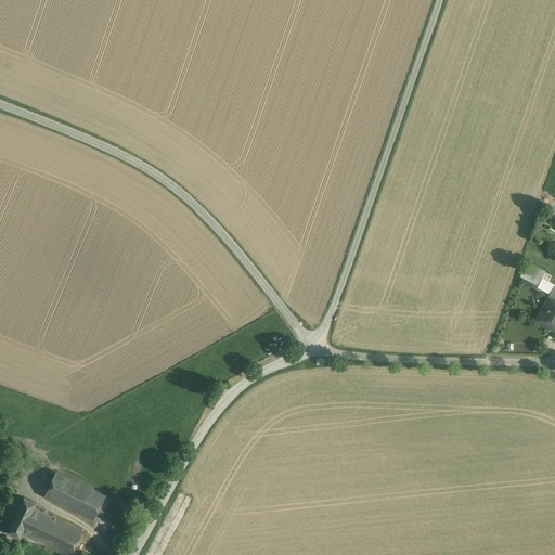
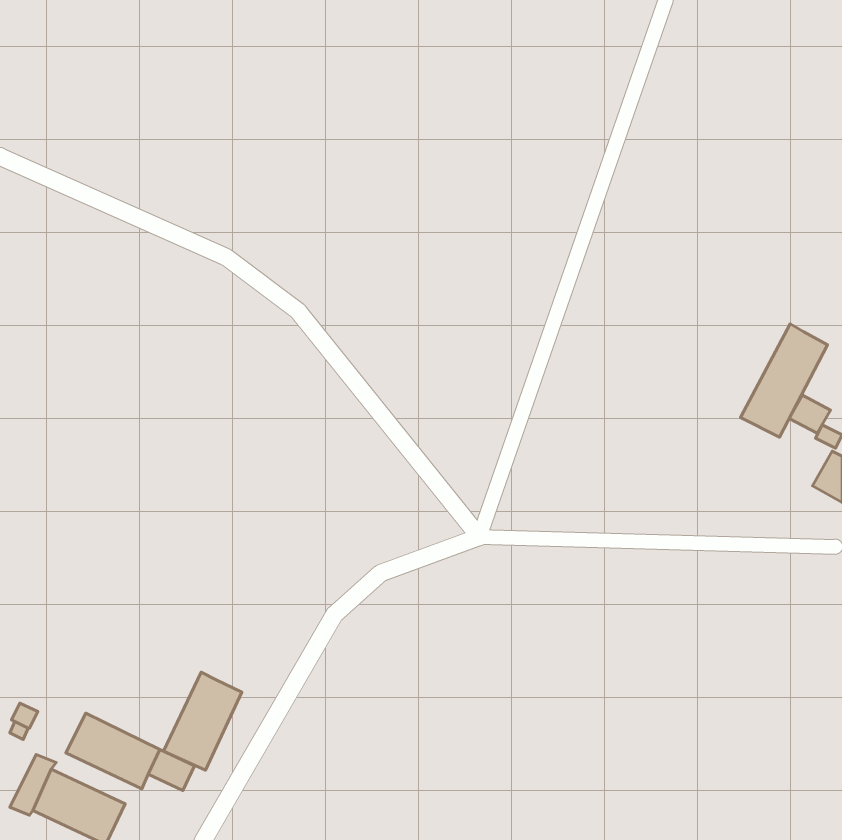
building: none -> [741,324,828,437]
building: none -> [163,672,242,770]

